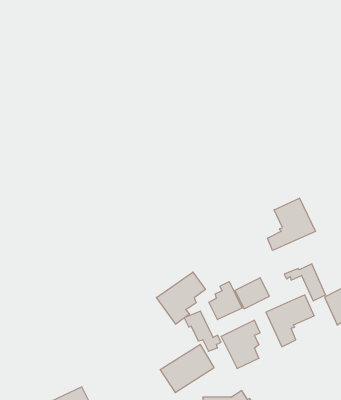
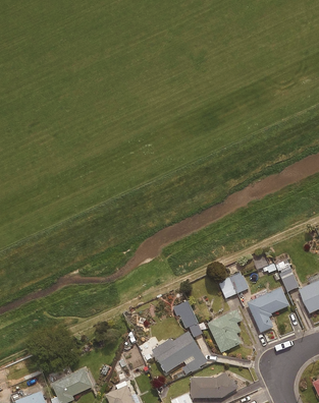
building: [268,198,315,250] -> none
building: [156,272,205,324] -> none
building: [209,282,242,320] -> none

